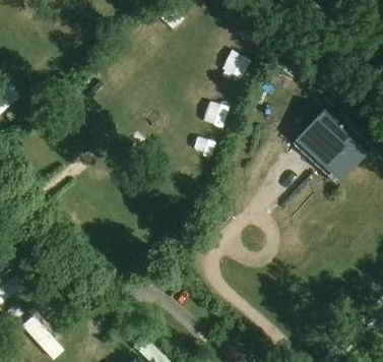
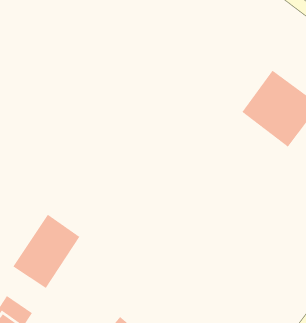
building: none -> [12,214,80,289]

